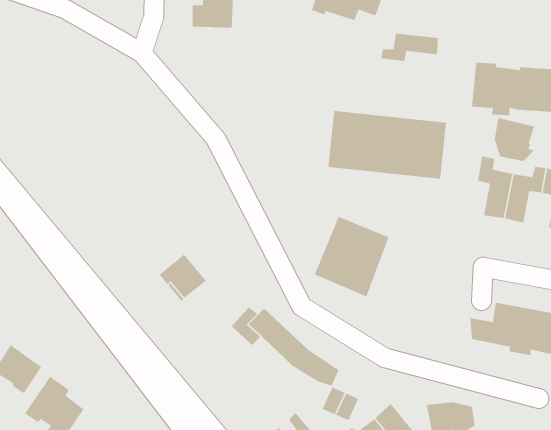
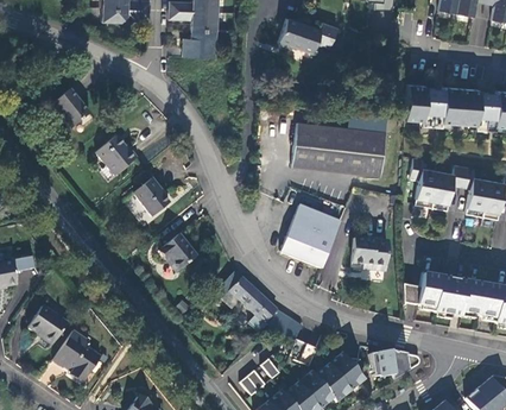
building: [380,33,439,62] -> none
building: none -> [49,89,89,128]
building: [494,117,535,162] -> none
building: none -> [95,135,135,175]
building: none -> [133,178,169,216]
building: none -> [352,238,388,271]

